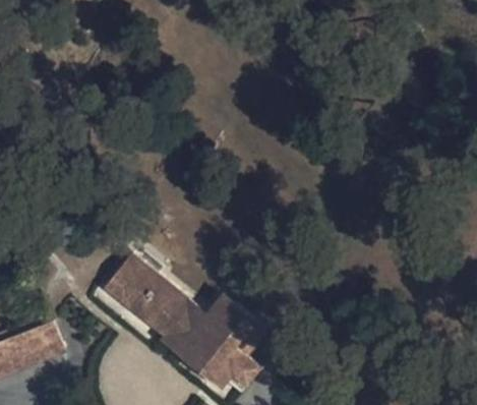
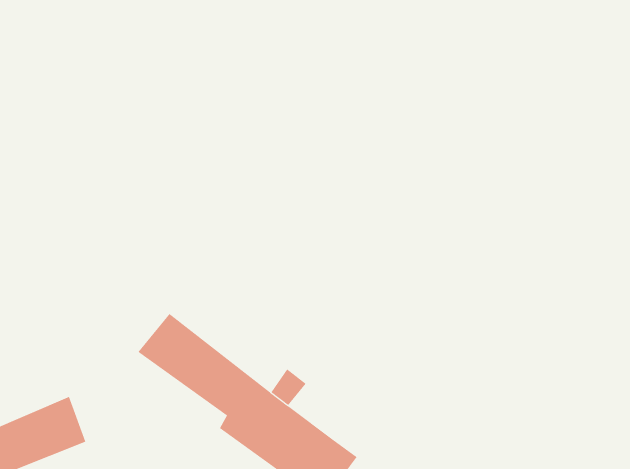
building: [213,311,259,352] -> none

